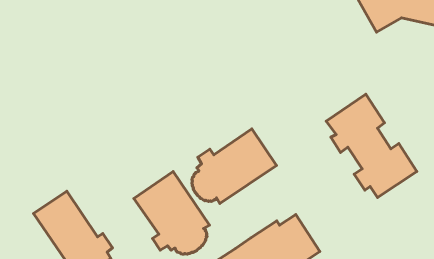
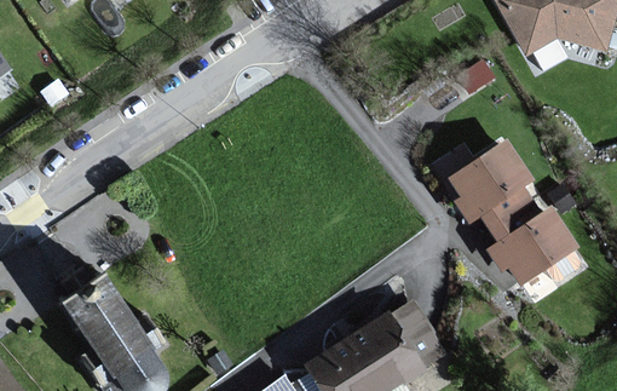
building: [192,129,276,203] -> none
building: [134,172,209,254] -> none

